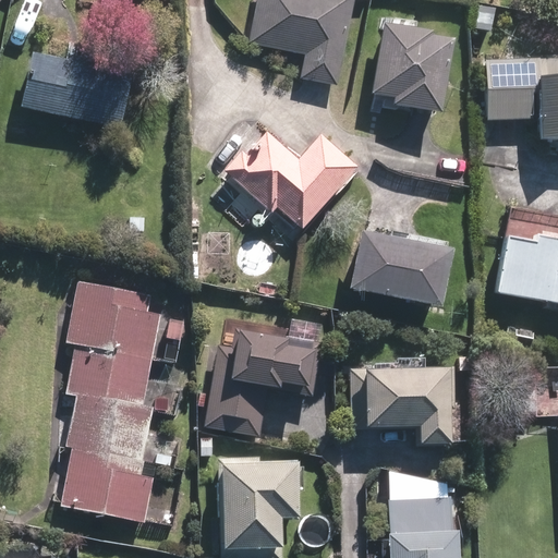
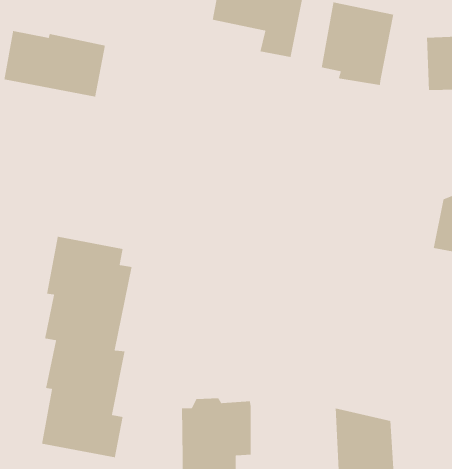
building: [226,134,354,228] -> none
building: [348,232,451,308] -> none
building: [206,332,311,435] -> none
building: [354,364,456,445] -> none

